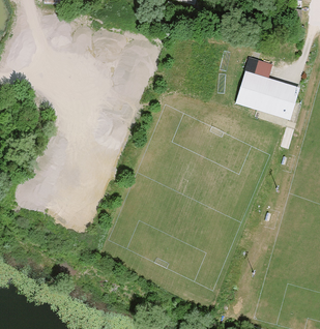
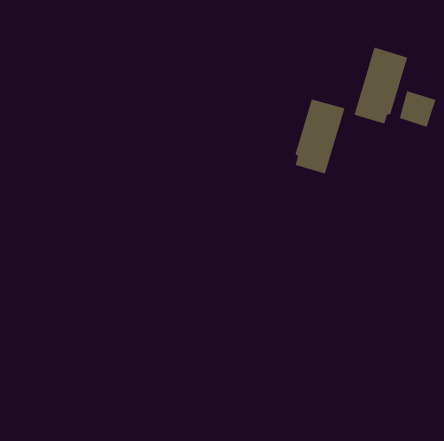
building: none -> [295,98,346,175]

